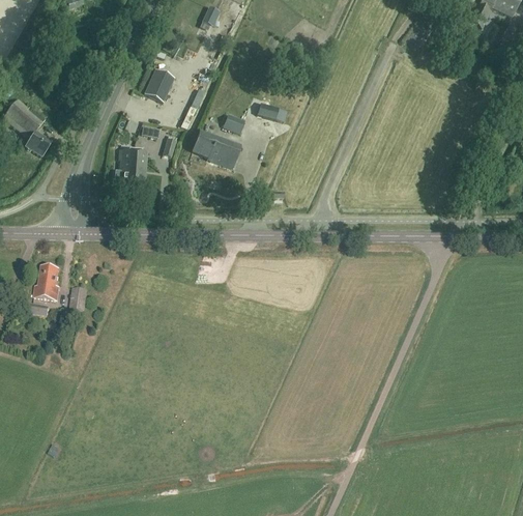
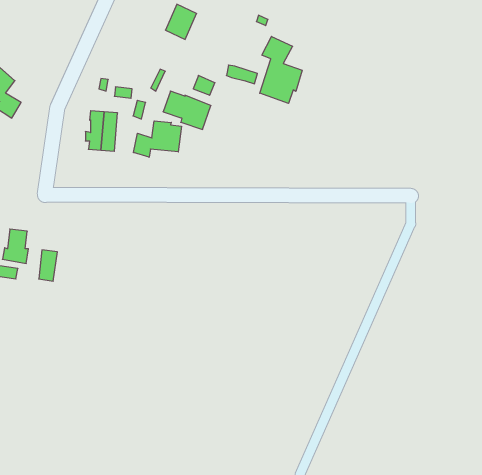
building: [143,67,174,103] -> [165,4,197,39]
building: none -> [260,36,302,103]
building: none -> [133,121,181,157]

